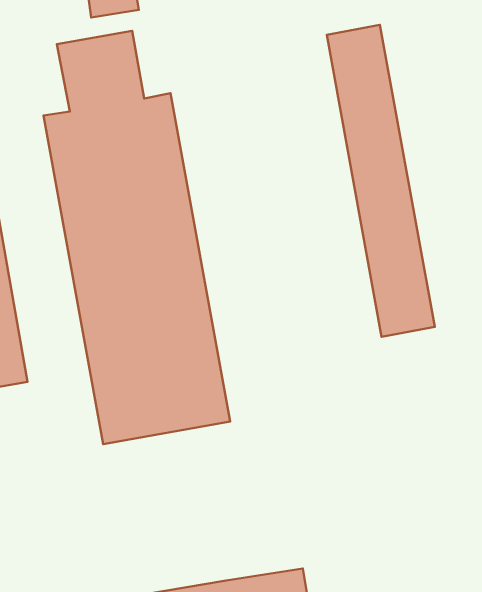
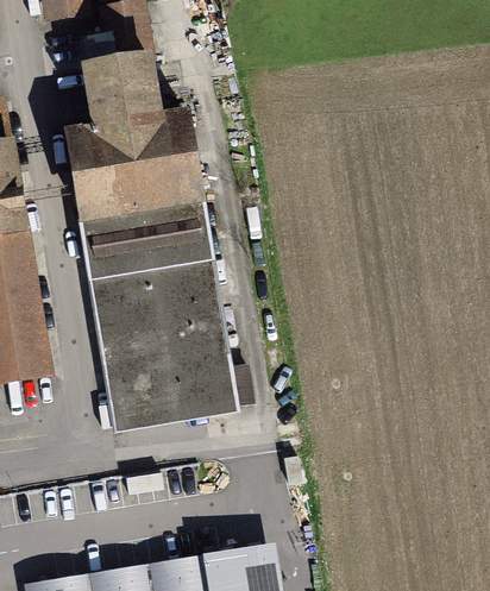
building: [327,25,435,337] -> none

